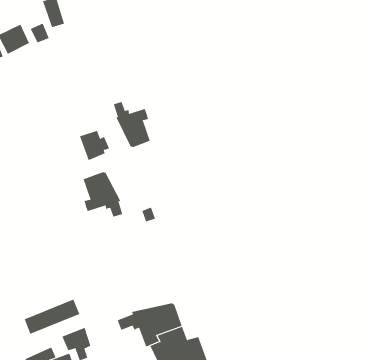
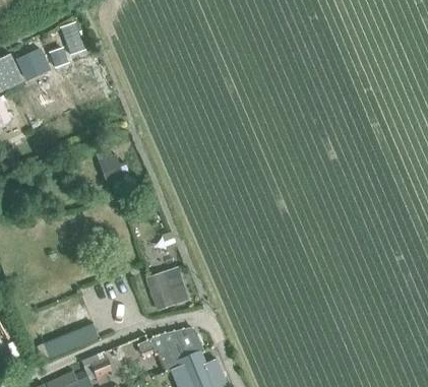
building: [113,101,151,148] -> none
building: [83,171,123,218] -> none
building: none -> [144,266,189,311]

